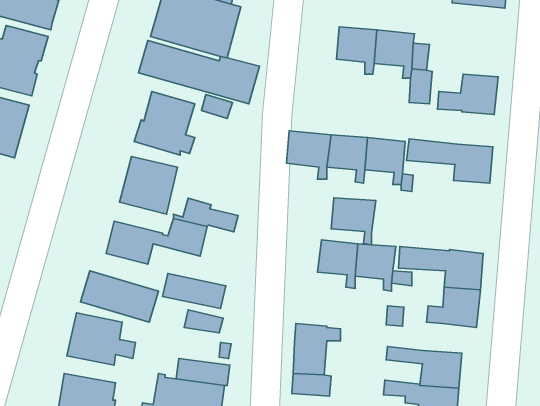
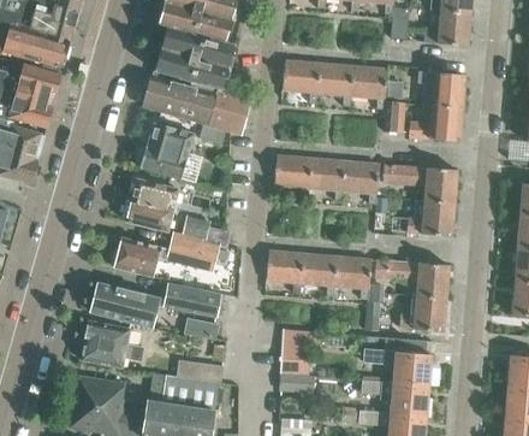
building: none -> [283,59,321,102]
building: none -> [420,71,466,107]
building: none -> [408,200,456,235]
building: [331,198,376,245] -> [266,251,305,293]

